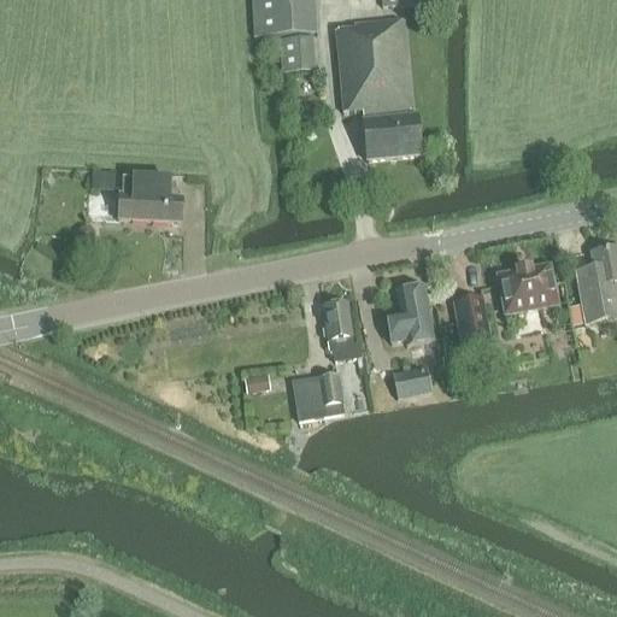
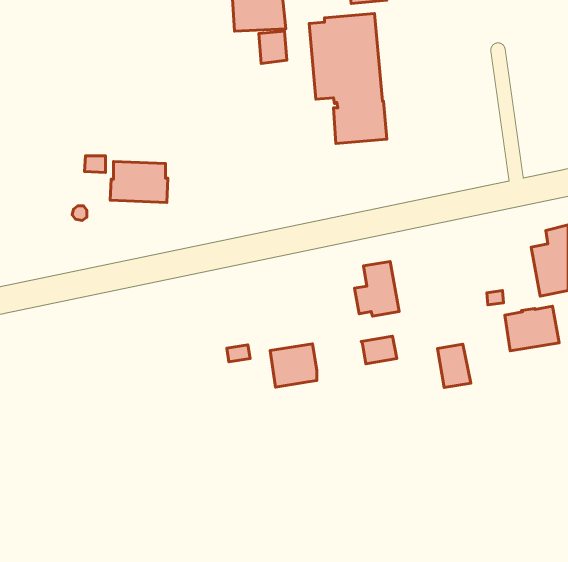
building: [499,263,558,311] -> [505,306,559,351]
building: [454,294,490,341] -> [437,344,471,388]
building: [323,301,362,359] -> none

